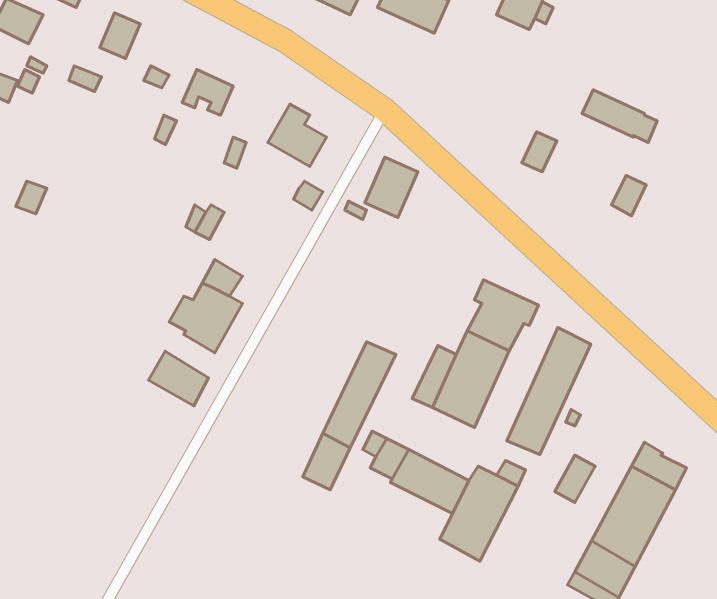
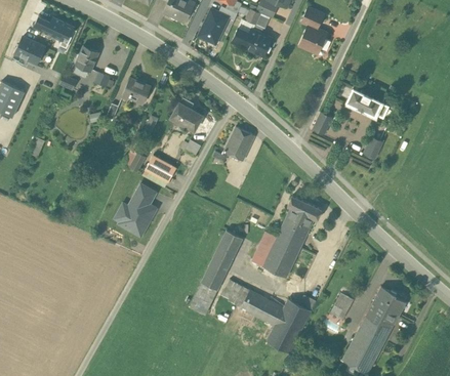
building: none -> [139,154,173,186]
building: [507,328,591,454] -> none
building: [149,351,209,406] -> none

